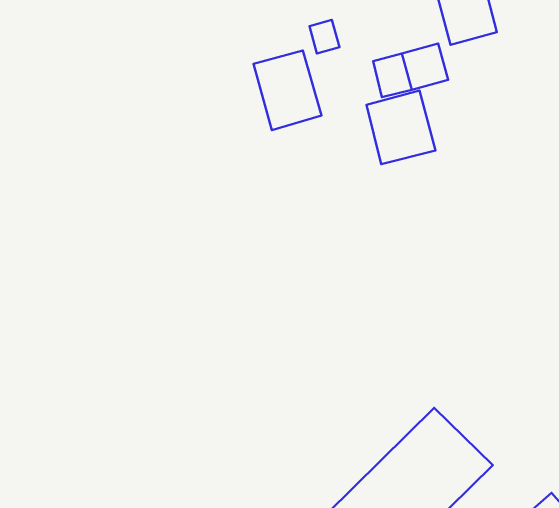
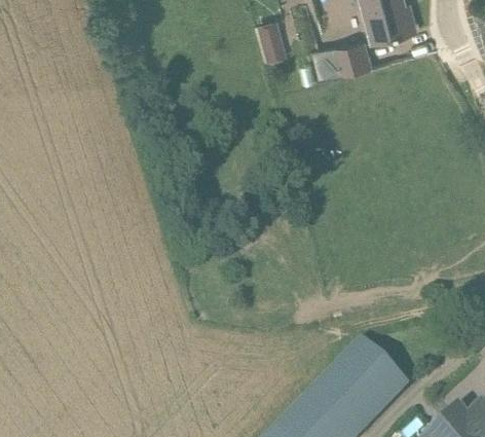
building: [254,50,321,130] -> none
building: [366,91,436,164] -> none

